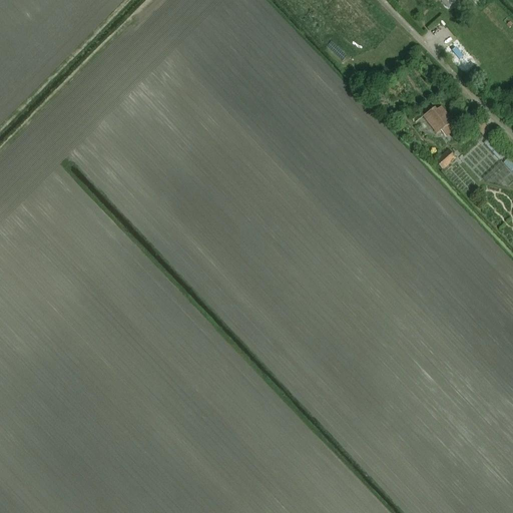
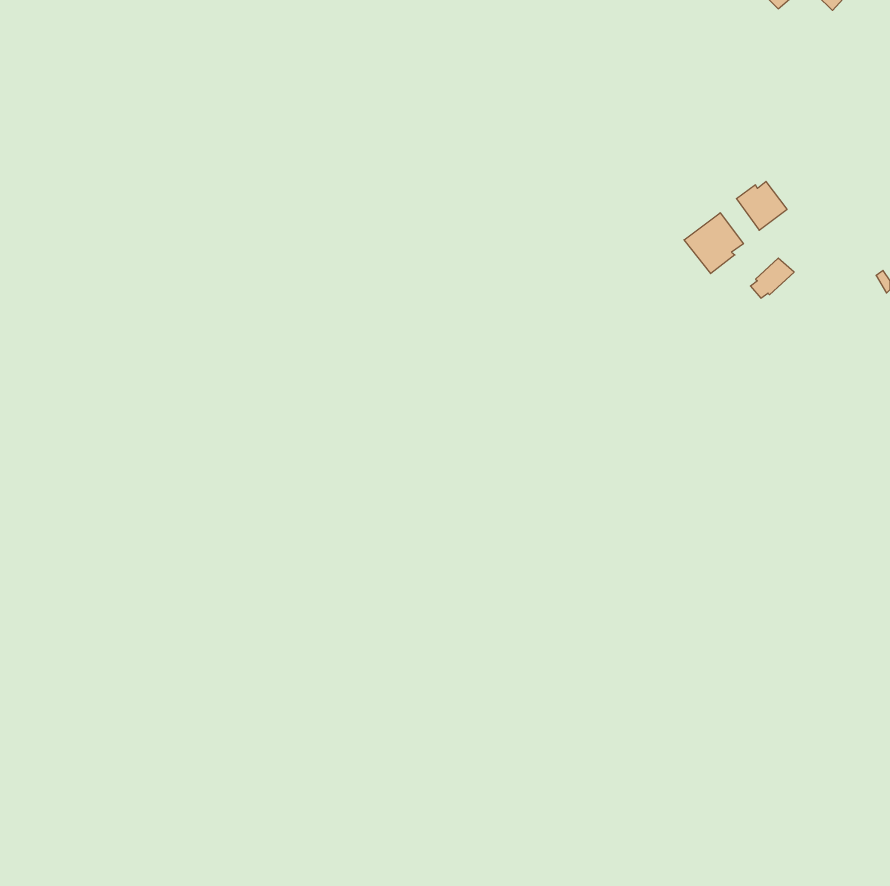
building: none -> [684,213,743,274]

